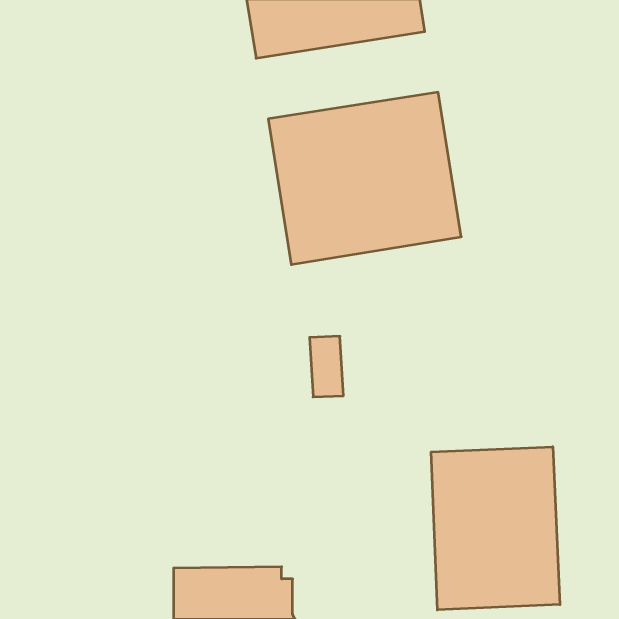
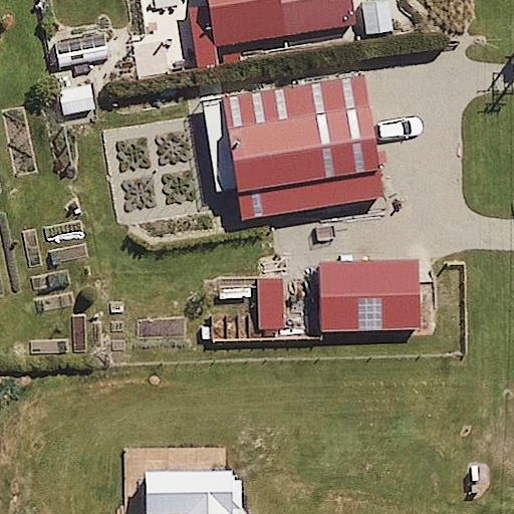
building: none -> [320,260,420,332]
building: [431,447,560,610] -> none

